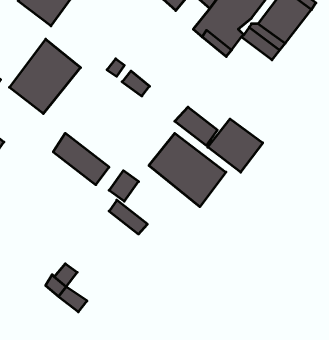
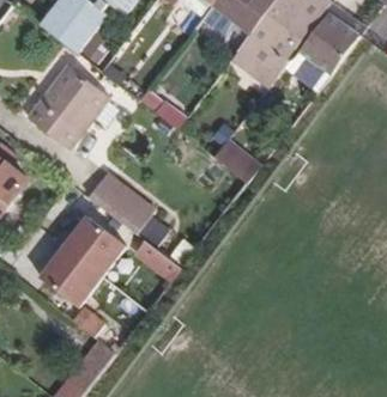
building: [208,119,263,172] -> none
building: [149,133,226,207] -> none
building: none -> [40,215,125,306]

